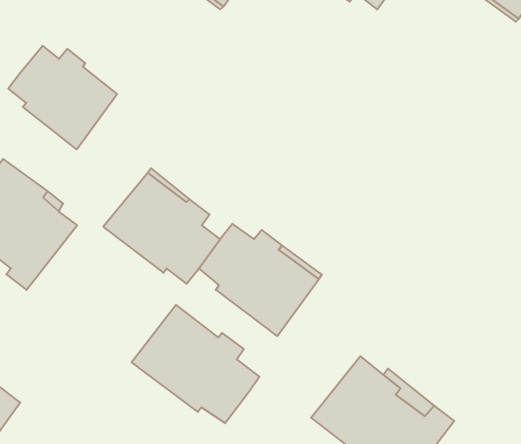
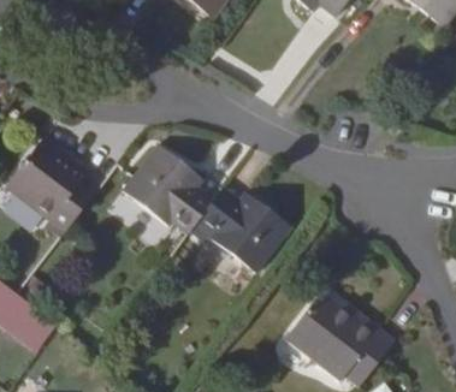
building: [8,46,117,149] -> none
building: [132,305,259,423] -> none

